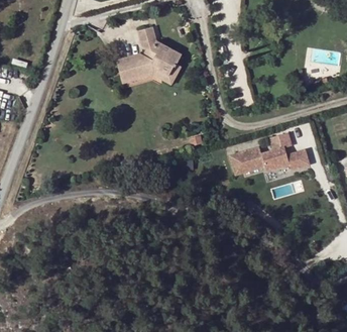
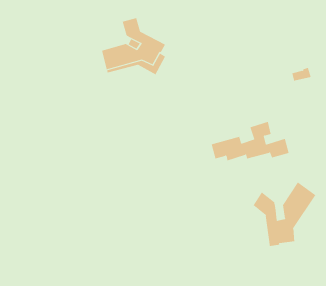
building: none -> [253,182,316,247]

